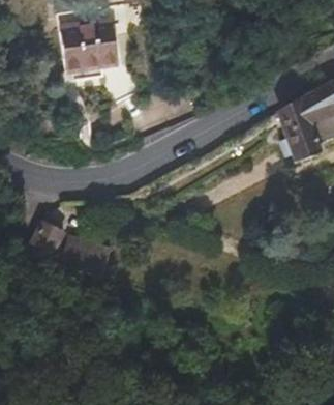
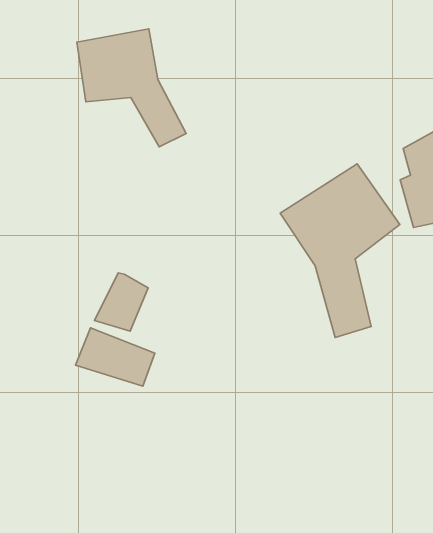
building: none -> [280,164,400,338]
building: [24,212,61,253] -> [94,273,148,331]

